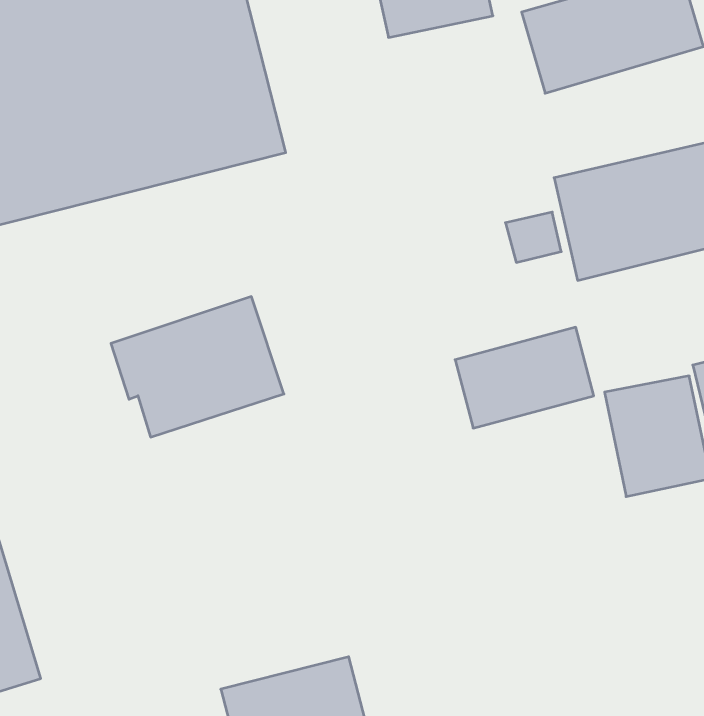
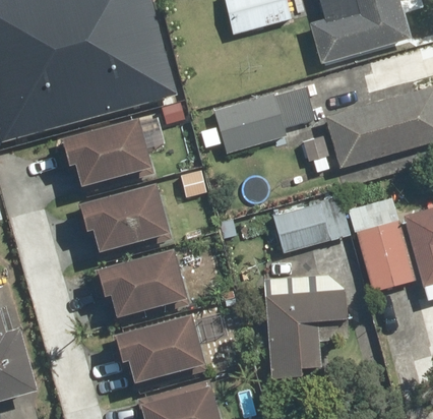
building: none -> [211,89,290,152]
building: none -> [57,112,156,186]
building: none -> [90,246,187,322]
building: none -> [266,287,350,372]
building: none -> [112,313,208,386]

